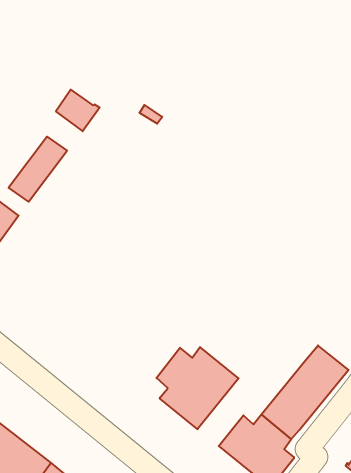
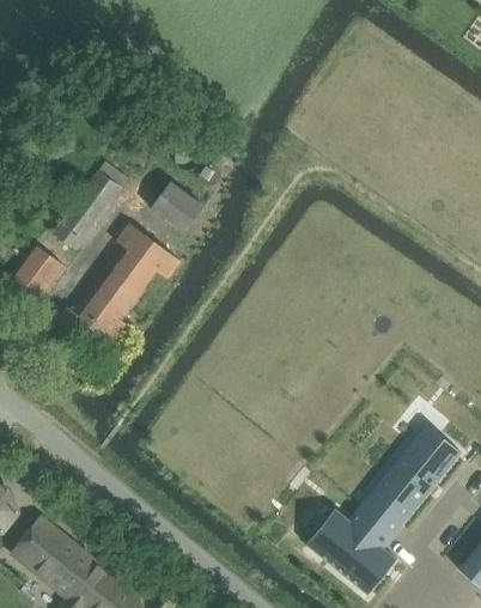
building: [56,90,100,131] -> [151,182,203,232]
building: none -> [55,223,181,355]
building: [156,347,239,429] -> none

